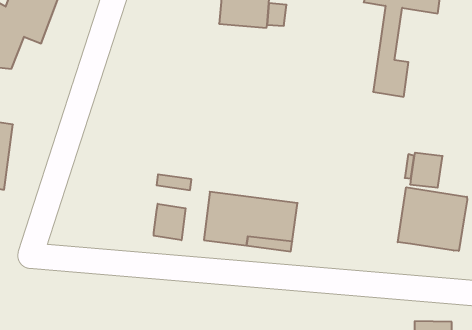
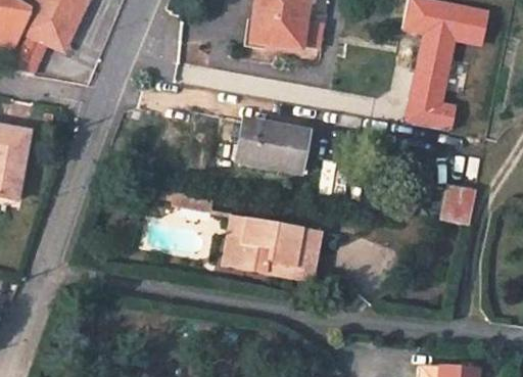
building: none -> [236,120,307,172]
building: [398,187,467,251] -> none
building: [154,204,186,240] -> none

